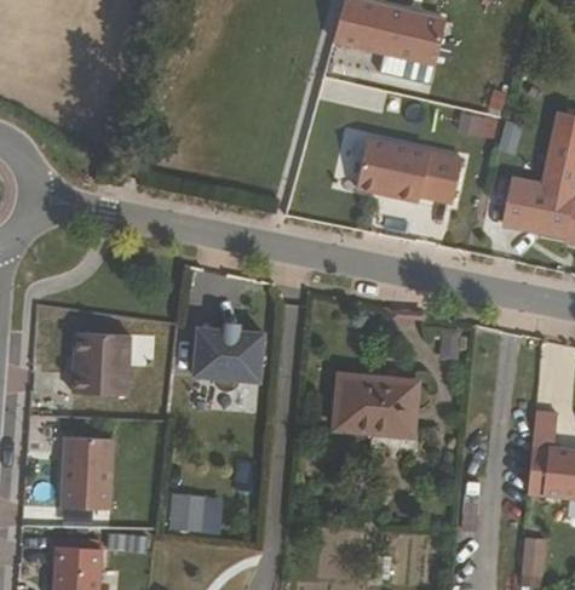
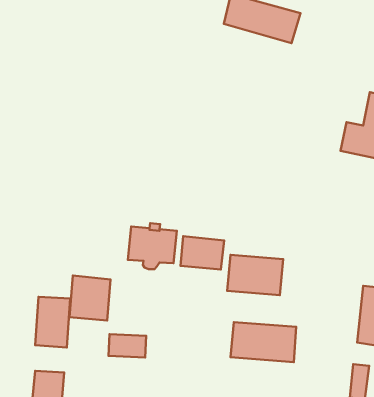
building: [356,136,462,202] -> none
building: [74,331,133,396] -> [70,275,111,321]
building: none -> [181,236,224,270]
building: none -> [231,322,296,362]

